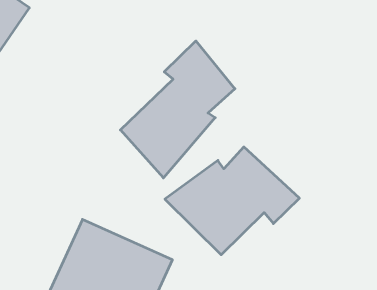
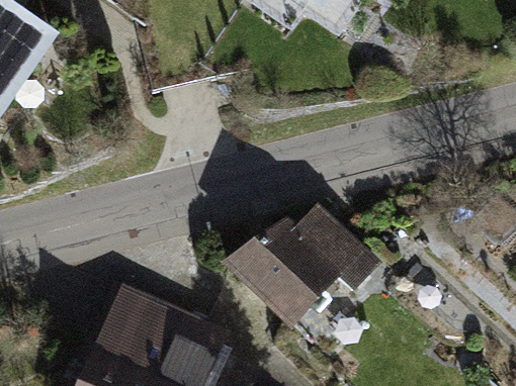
building: [120,41,235,178] -> none

